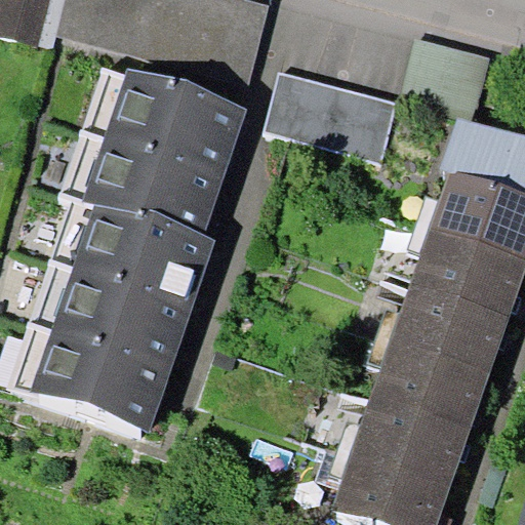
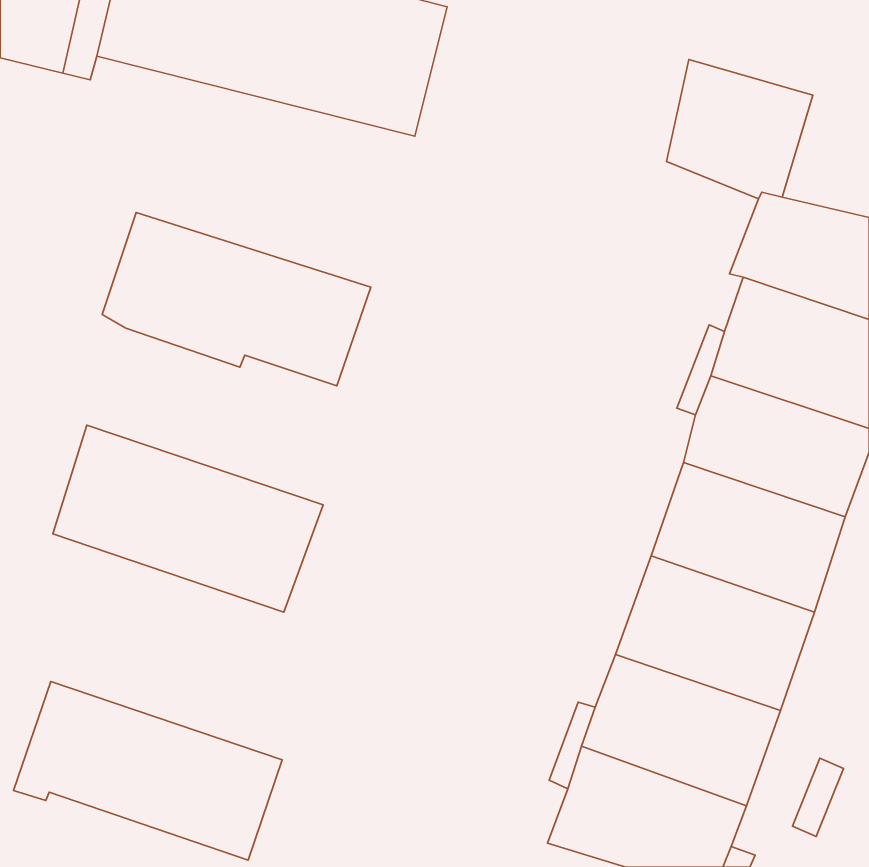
building: [82,65,247,173] -> none
building: [265,71,396,160] -> none
building: [52,198,215,305] -> none
building: [9,322,171,430] -> [13,682,282,860]

